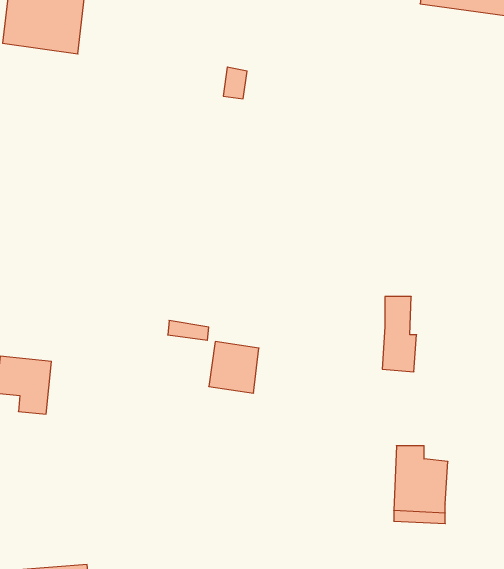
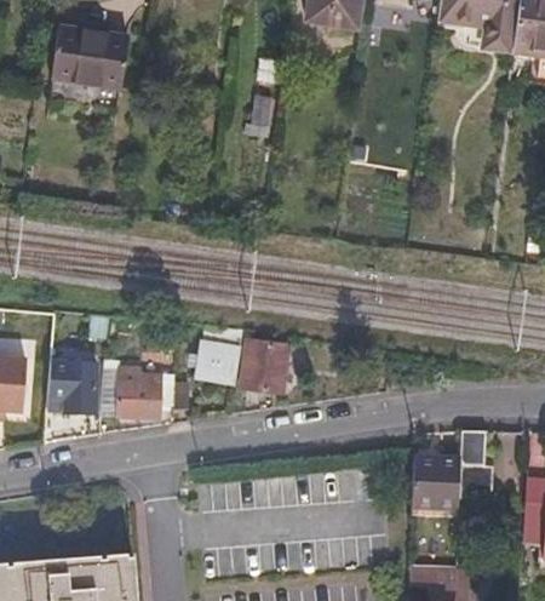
building: [382,297,417,372] -> [459,430,490,499]
building: none -> [196,349,237,387]
building: none -> [103,365,178,419]

